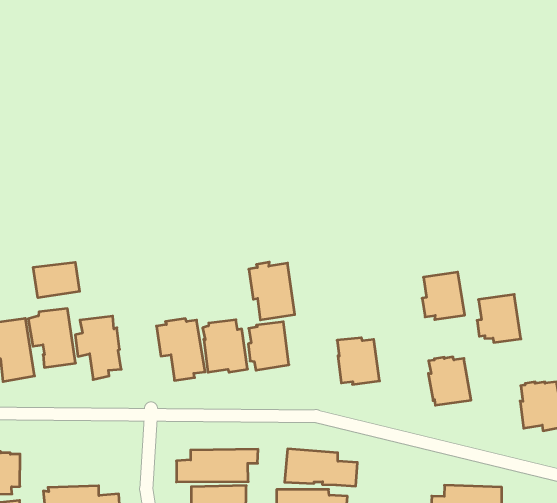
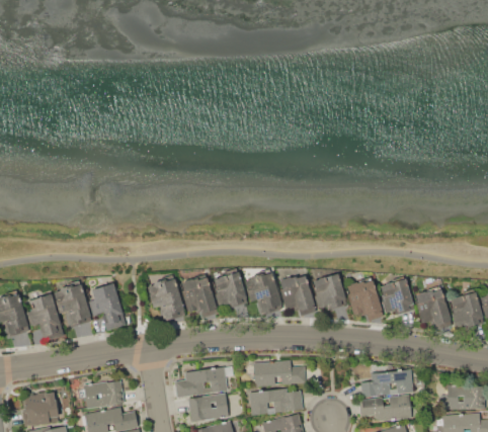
building: [249,262,295,320] -> [244,272,281,316]
building: [33,262,80,298] -> none
building: [422,272,465,320] -> [313,273,346,310]
building: [477,294,521,342] -> [380,278,414,315]
building: none -> [78,380,125,408]

